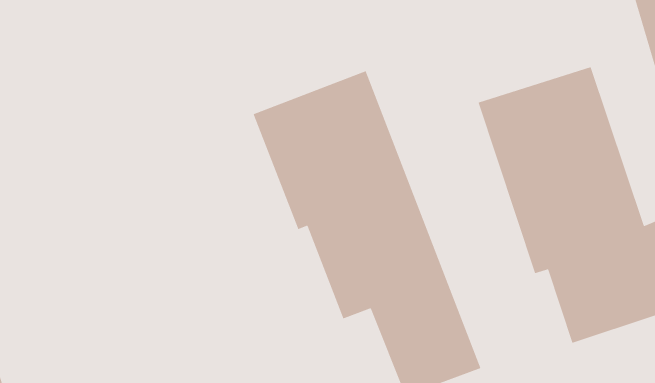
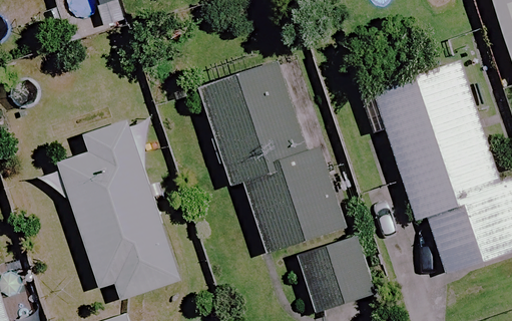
building: none -> [53,119,175,294]

